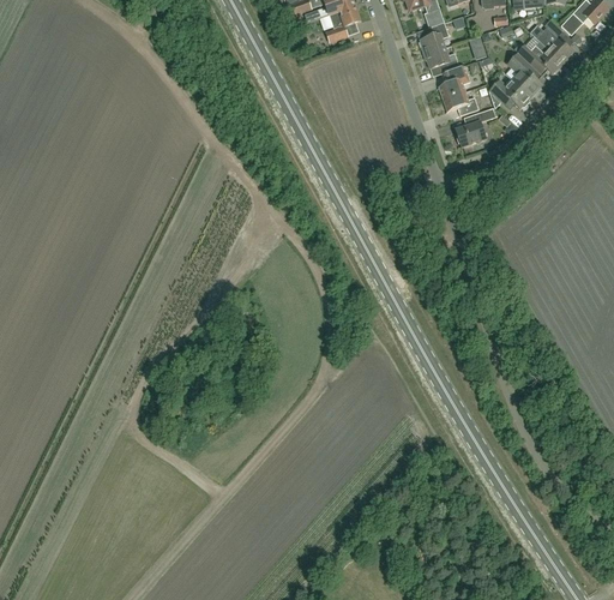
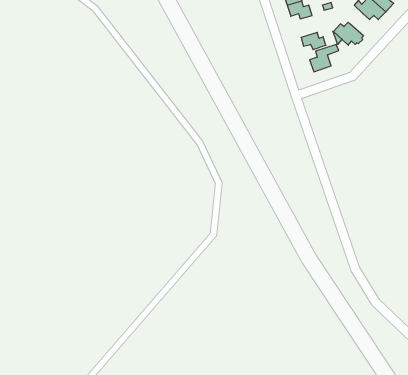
building: [507,52,540,95] -> none
building: [438,65,468,97] -> none

